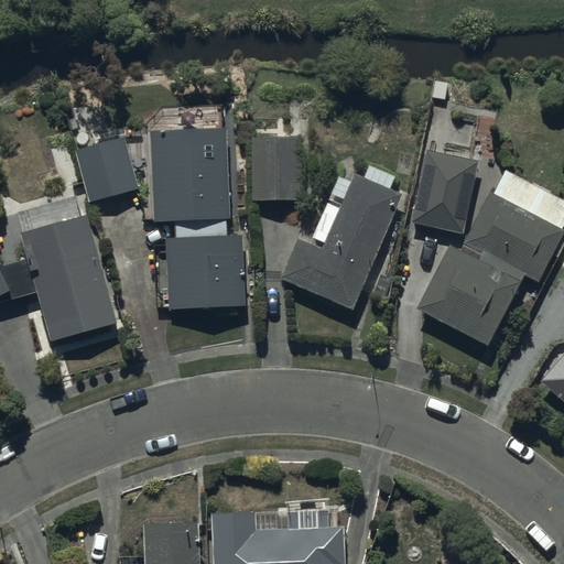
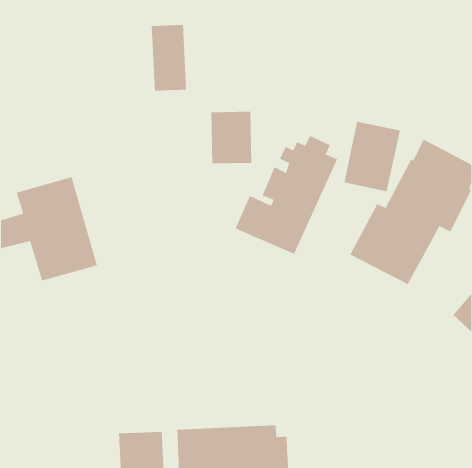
building: none -> [151,24,187,91]
building: [150,122,245,310] -> none
building: [75,138,138,200] -> none

